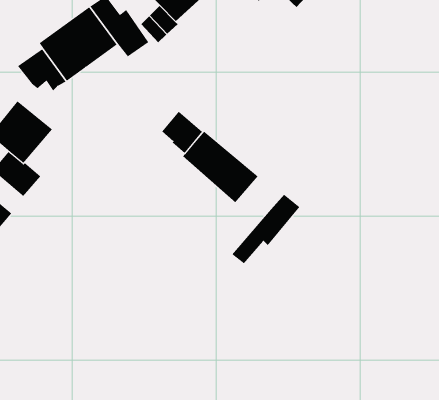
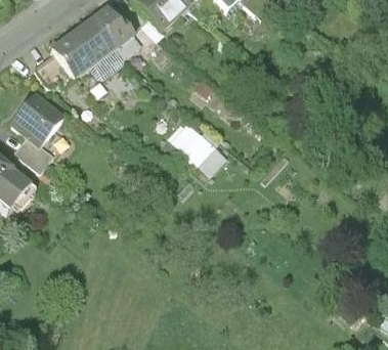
building: none -> [89,46,123,76]
building: [161,111,203,154] -> none
building: [232,194,300,264] -> none

